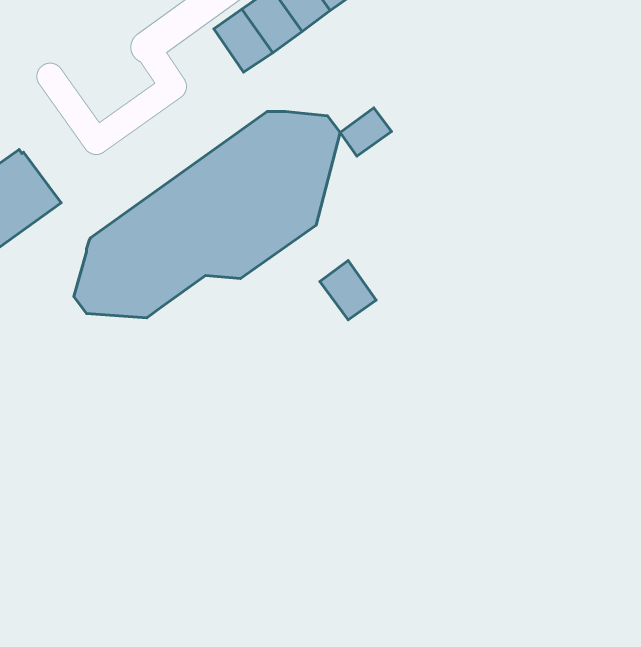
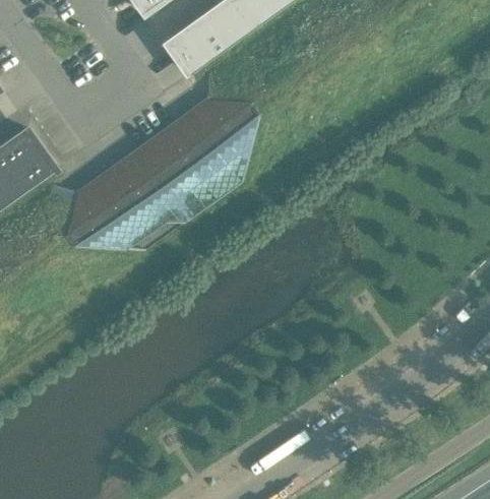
building: [340,108,392,156] -> none
building: [320,260,376,320] -> none

